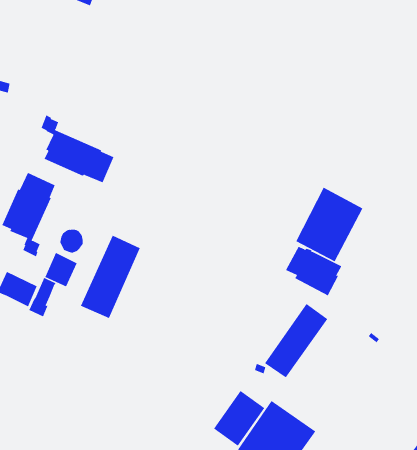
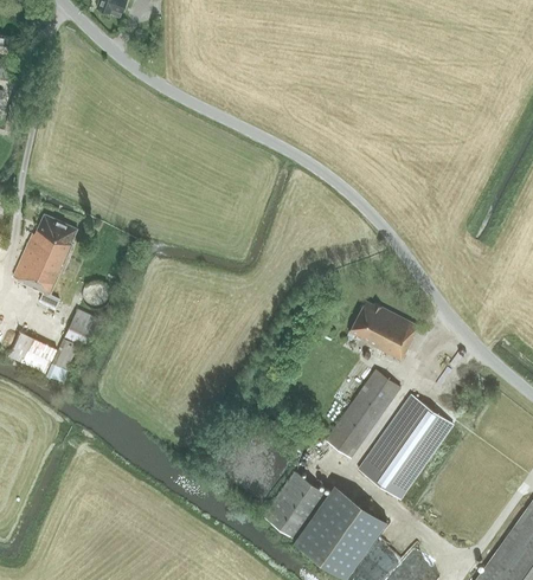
building: [41,115,114,183] -> none
building: [295,187,363,262] -> none
building: [80,235,141,319] -> none
building: none -> [358,395,452,500]

